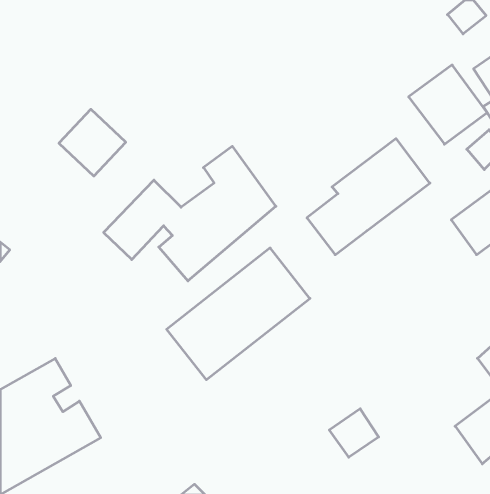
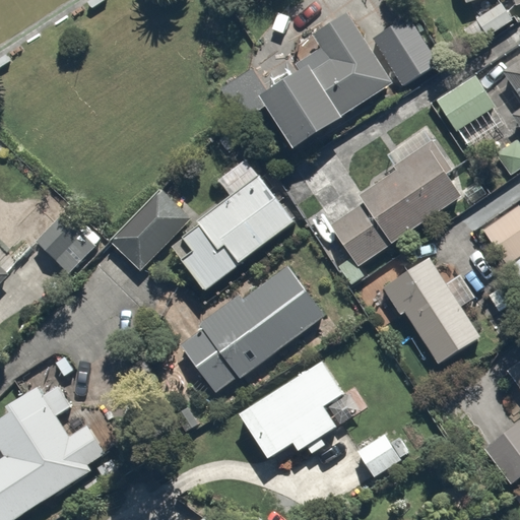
building: none -> [219,9,443,152]
building: [59,109,126,176] -> [31,204,102,274]
building: none -> [379,252,478,363]
building: none -> [235,355,348,460]

